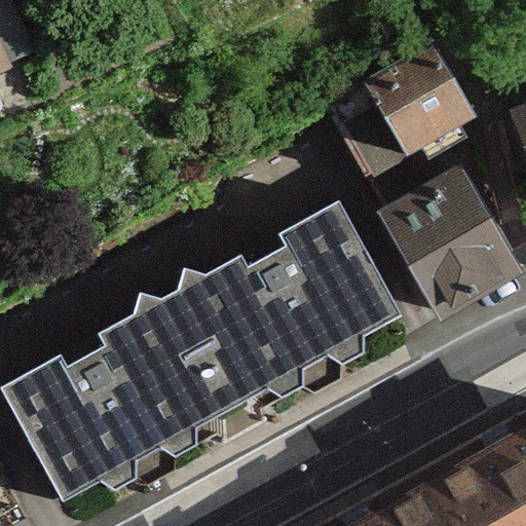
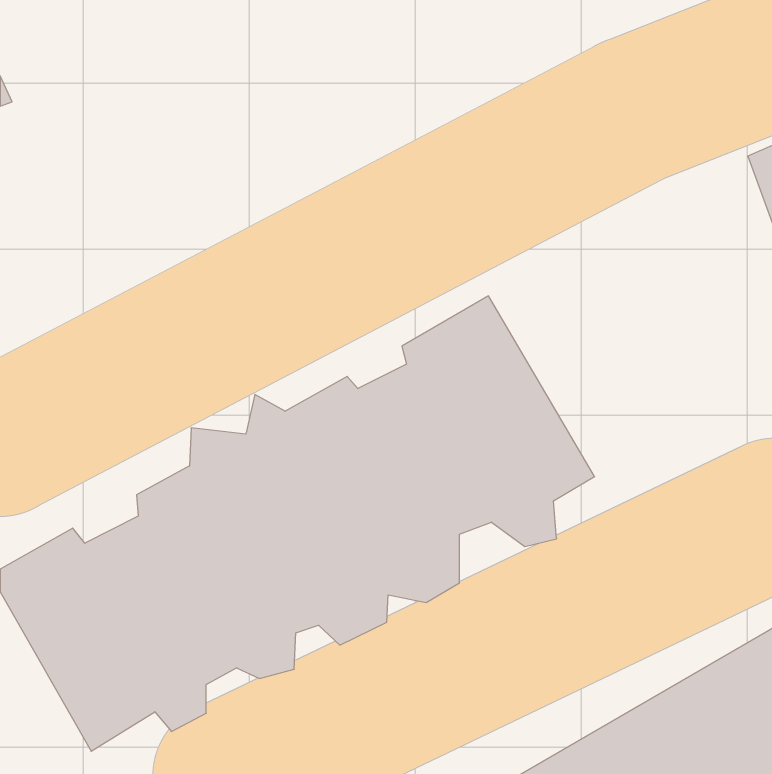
building: [368,42,473,154] -> none
building: [378,157,521,310] -> none

